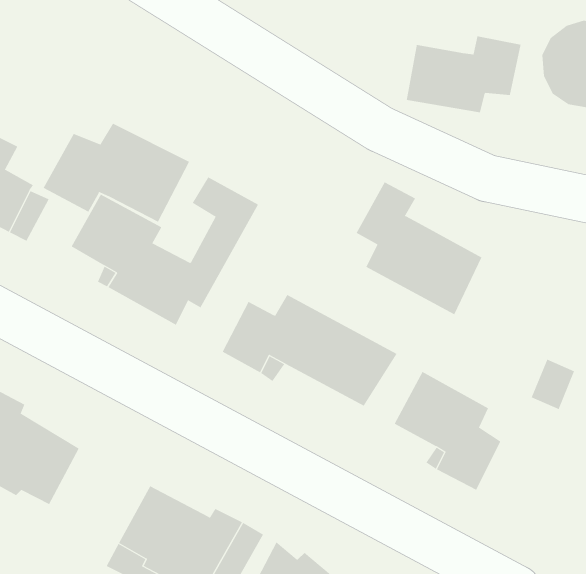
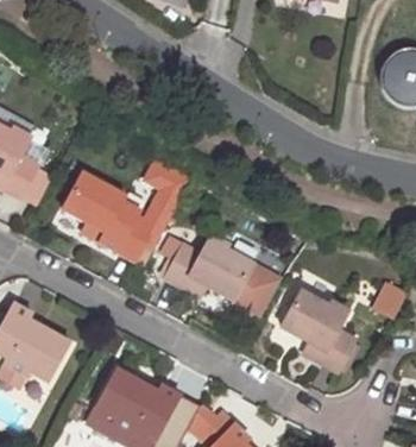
building: [406,35,521,113] -> none
building: [43,123,190,222] -> none
building: [356,181,482,315] -> none

